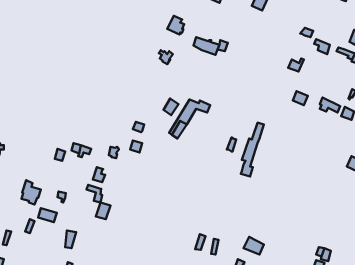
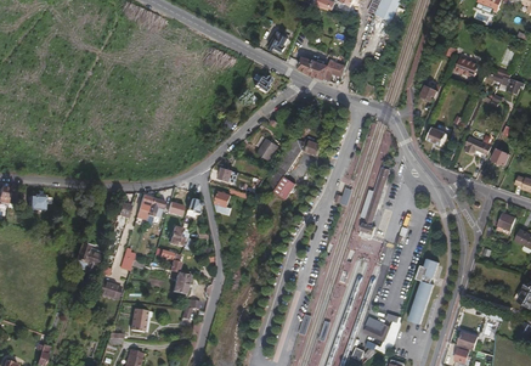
building: none -> [409,255,440,321]

